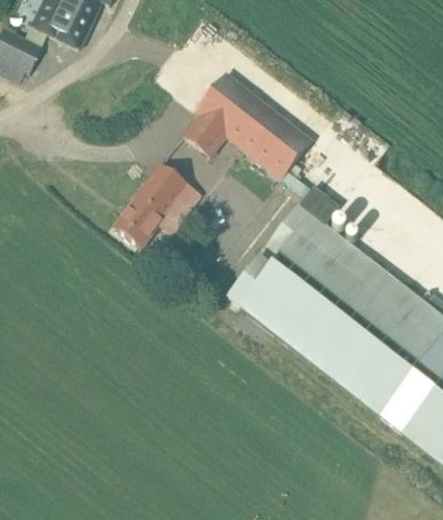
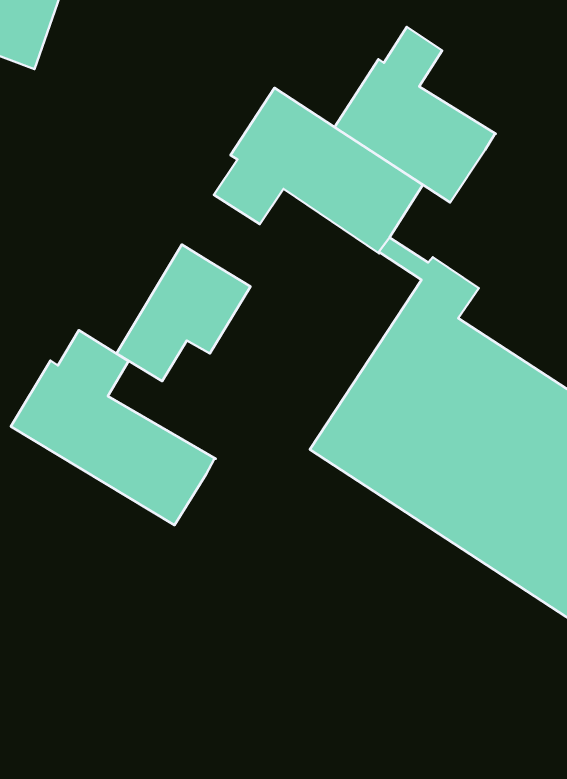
building: none -> [334,27,496,202]
building: none -> [11,330,216,525]

